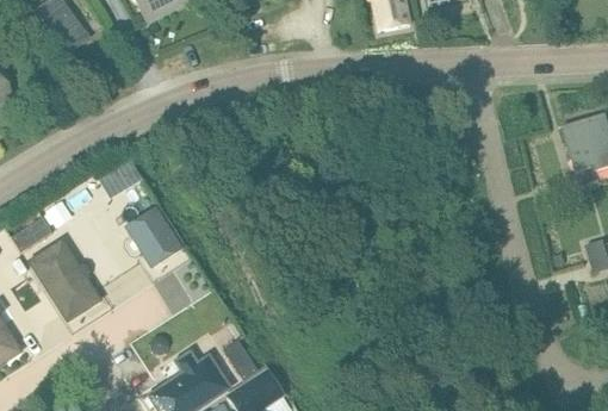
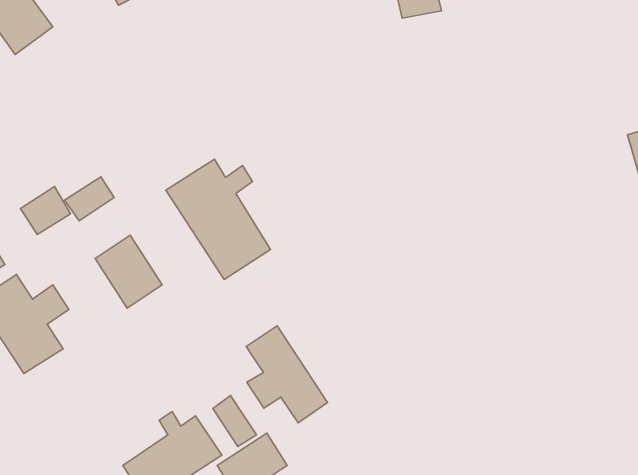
building: none -> [166,159,271,279]
building: none -> [21,187,71,234]
building: none -> [246,326,328,423]

